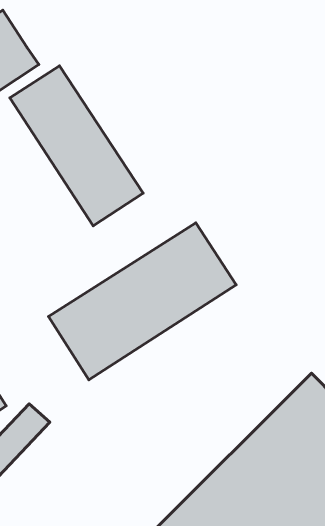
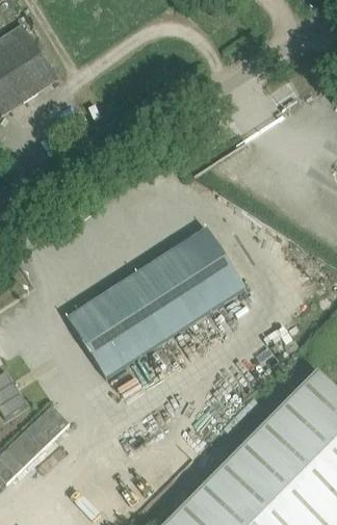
building: [10,66,143,226] -> none

